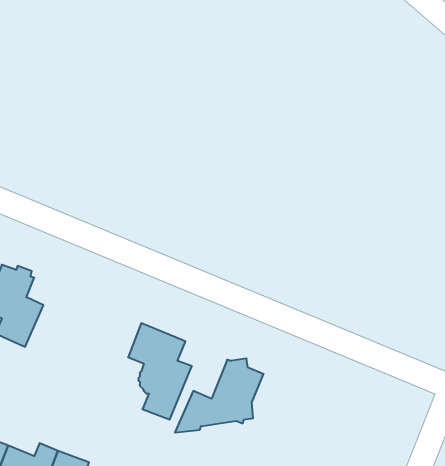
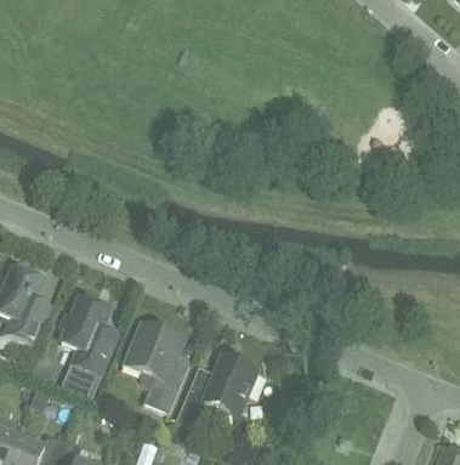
building: none -> [61,294,118,396]

